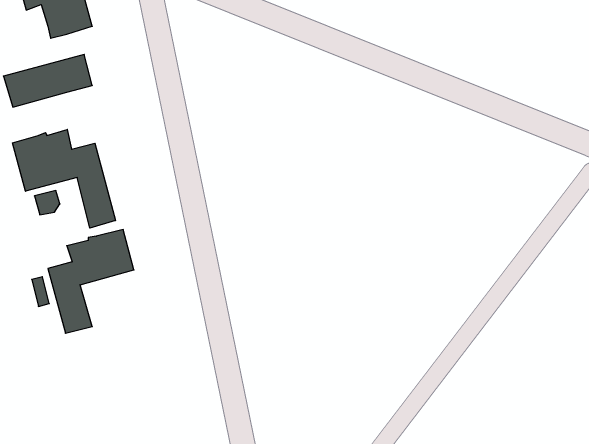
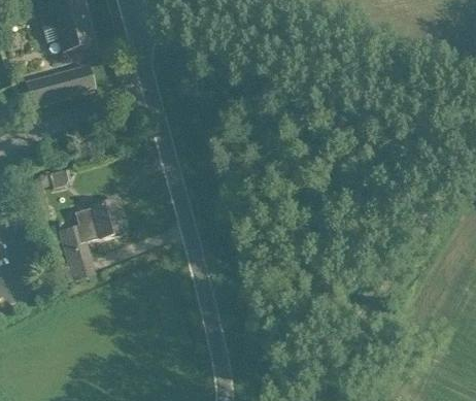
building: [13,129,115,228] -> none

